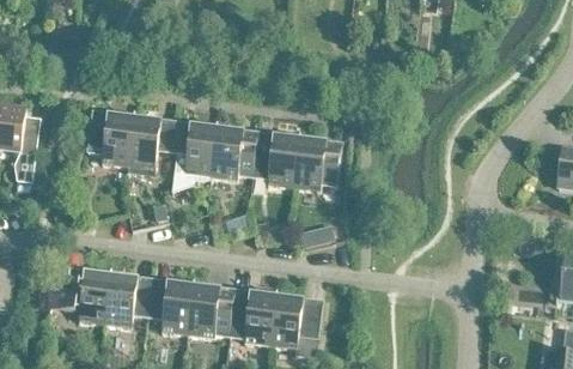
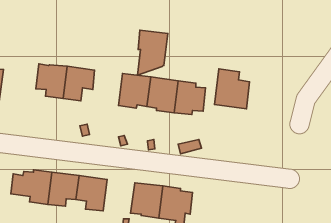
building: none -> [215,69,250,109]
building: [172,122,218,189] -> [137,30,168,75]
building: [189,285,236,335] -> none

